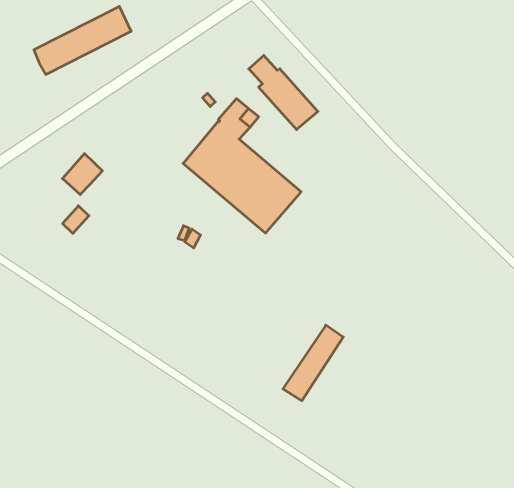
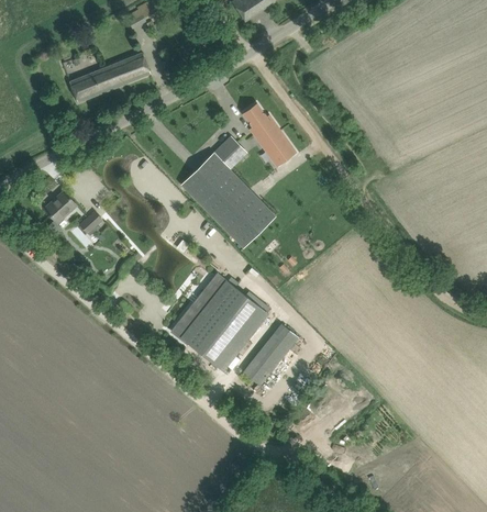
building: [62,154,102,195] -> [43,190,76,223]
building: none -> [171,272,267,370]

